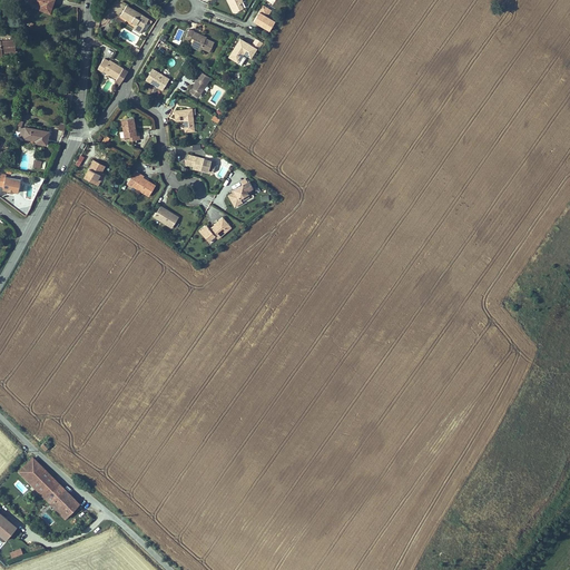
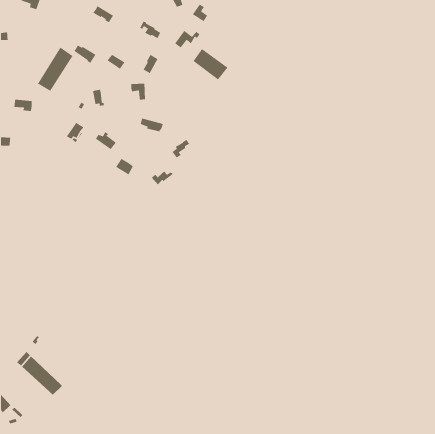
building: none -> [36,47,73,92]
building: none -> [192,47,229,81]

